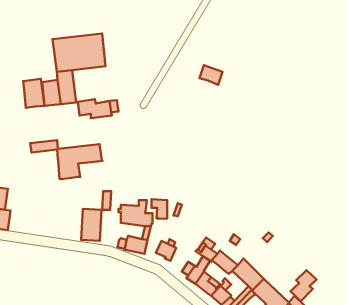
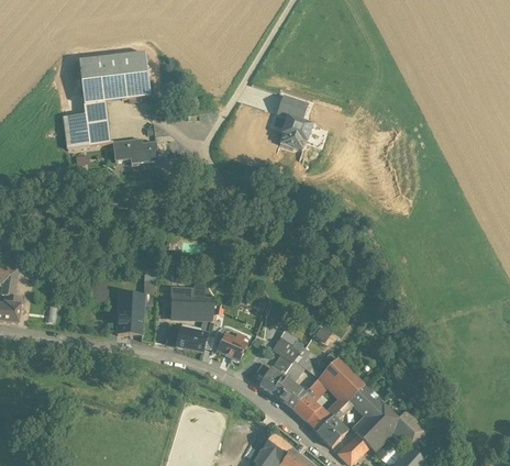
building: [23,79,45,108] -> none
building: none -> [279,116,312,152]
building: [30,140,103,179] -> none
building: [152,199,167,219] -> none
building: [290,270,316,302] -> none

